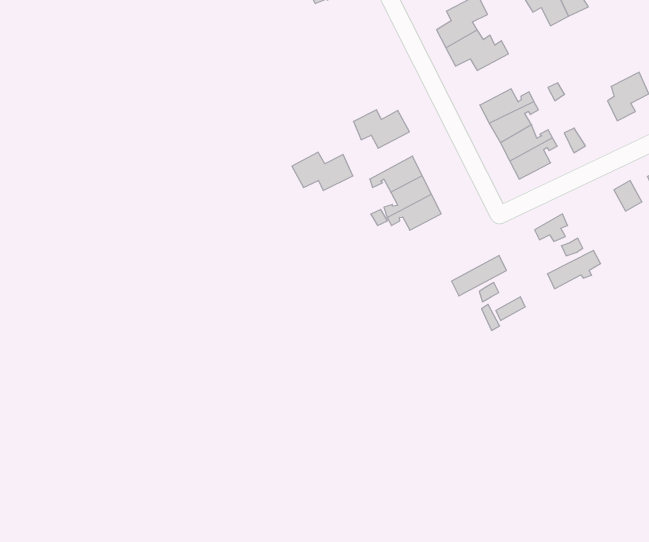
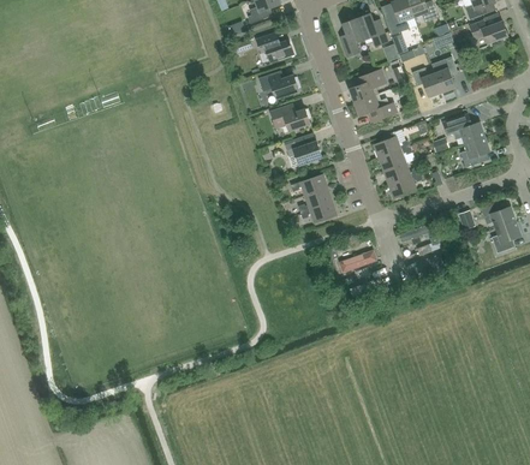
building: none -> [260,70,299,99]
building: none -> [443,114,486,143]
building: [292,152,353,190] -> [270,105,311,131]

